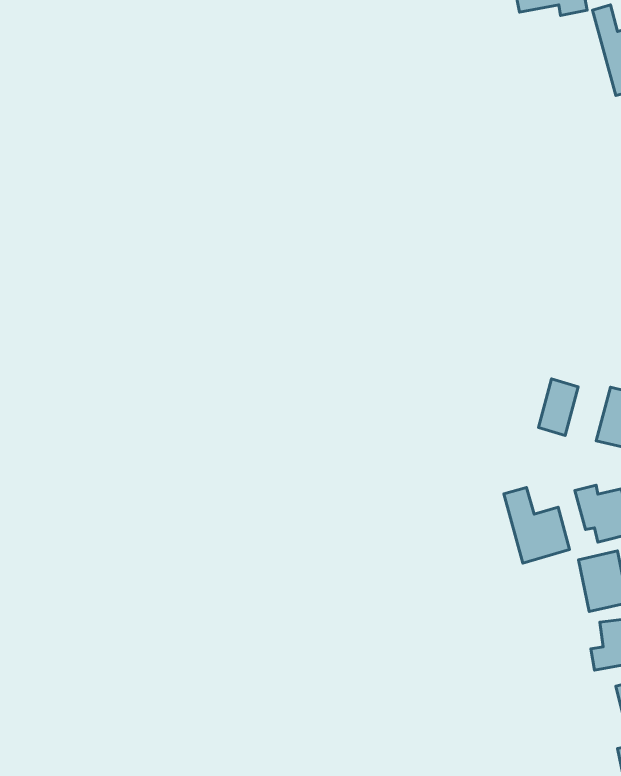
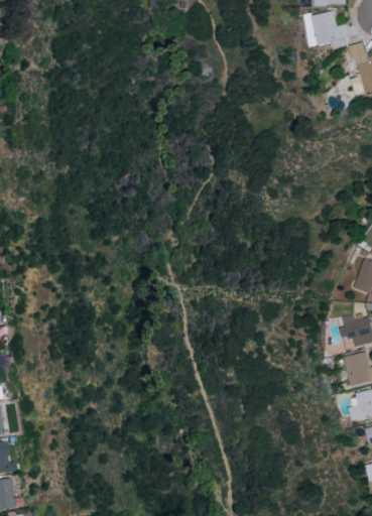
building: [539,379,578,435] -> none
building: [504,487,570,563] -> none

